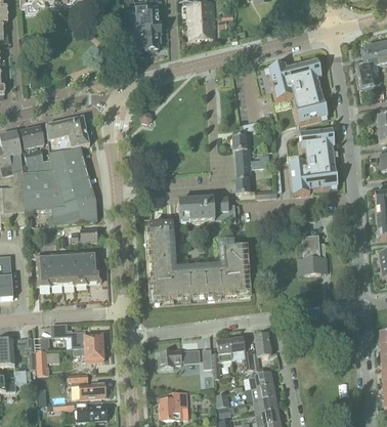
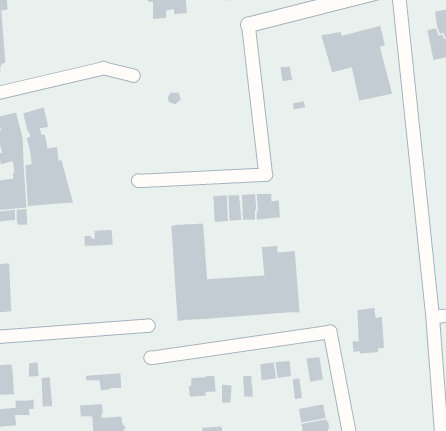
building: [45,116,94,224] -> none
building: [290,128,337,194] -> none
building: [231,133,269,193] -> none
building: [298,234,326,273] -> [352,307,385,354]
building: [35,251,100,287] -> none
building: [50,323,102,348] -> none

